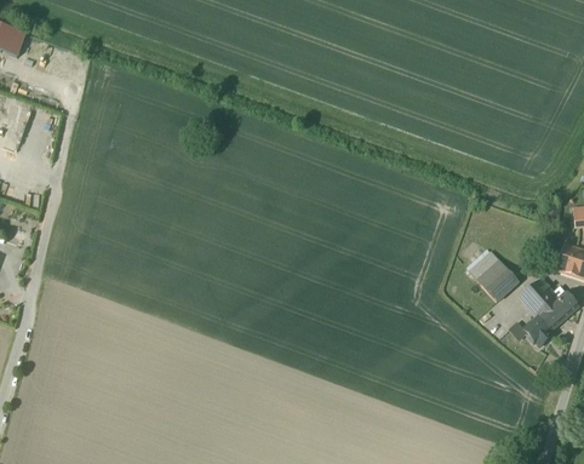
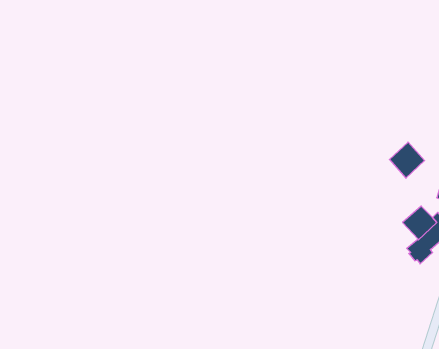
building: [476,258,517,300] -> [389,142,425,178]

